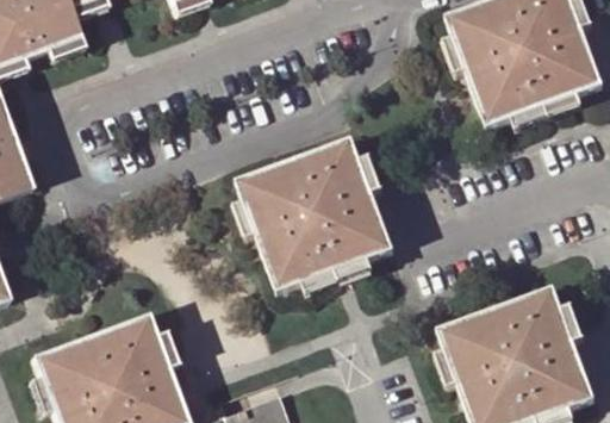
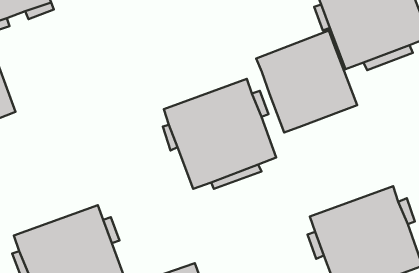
building: none -> [256,31,357,132]

